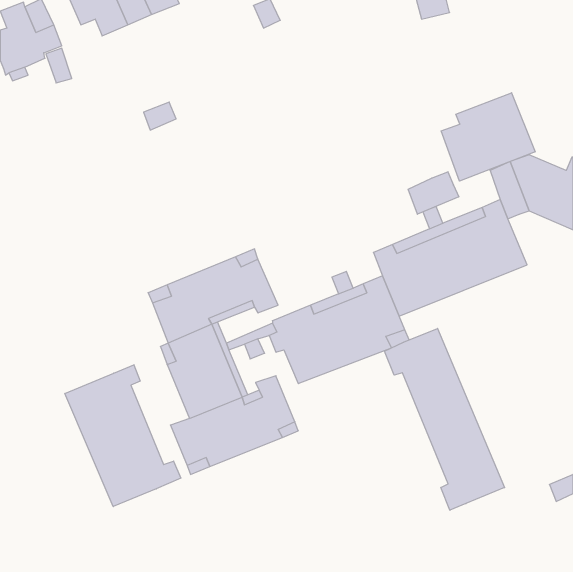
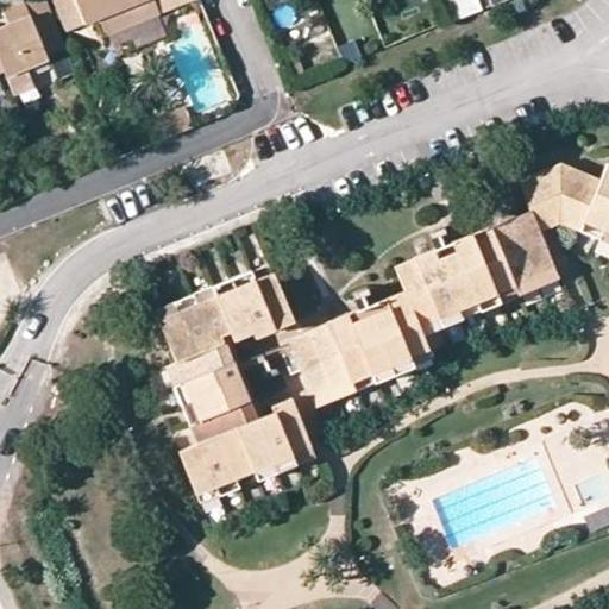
building: [441,93,535,181] -> none
building: [408,172,459,214] -> none
building: [384,328,505,510] -> none
building: [65,365,181,507] -> none

